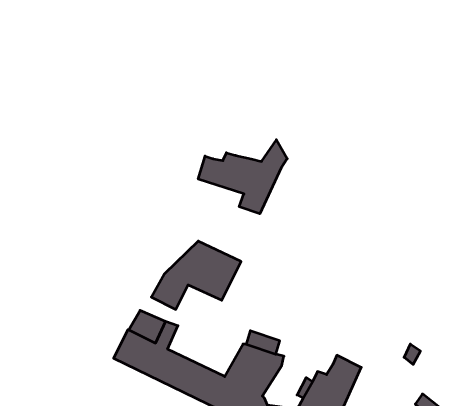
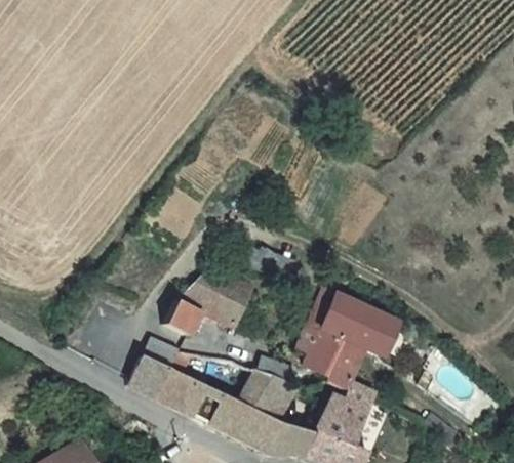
building: [198,140,287,214] -> none
building: none -> [299,289,398,389]

